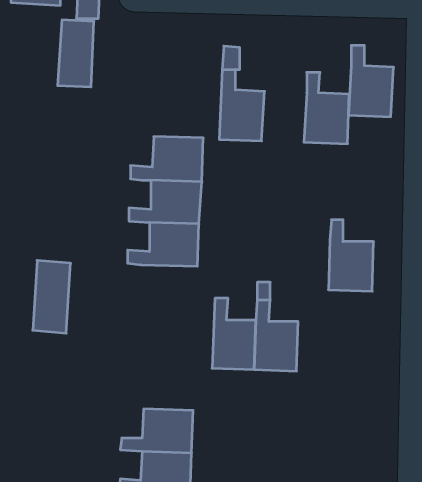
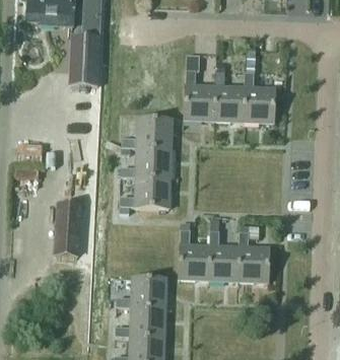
building: [348,45,394,117] -> [213,71,245,121]
building: [328,220,374,291] -> [237,231,269,281]
building: none -> [116,276,166,307]

